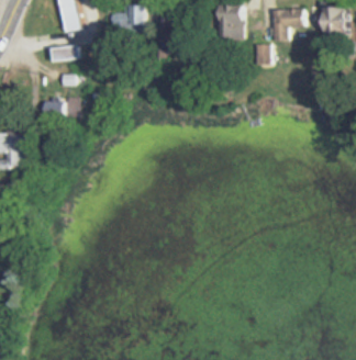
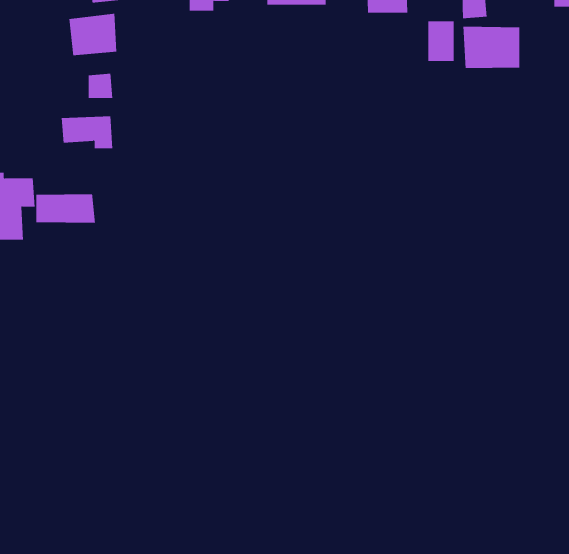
building: none -> [463,26,520,69]
building: none -> [36,194,95,224]

